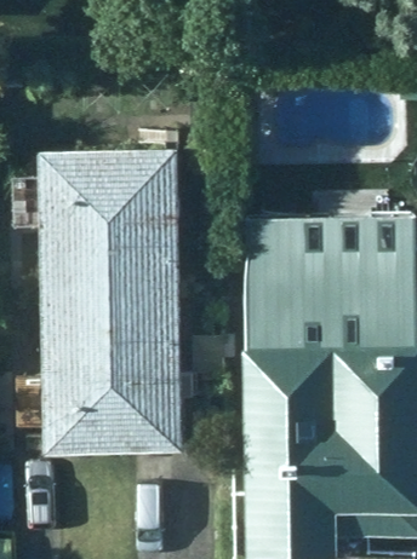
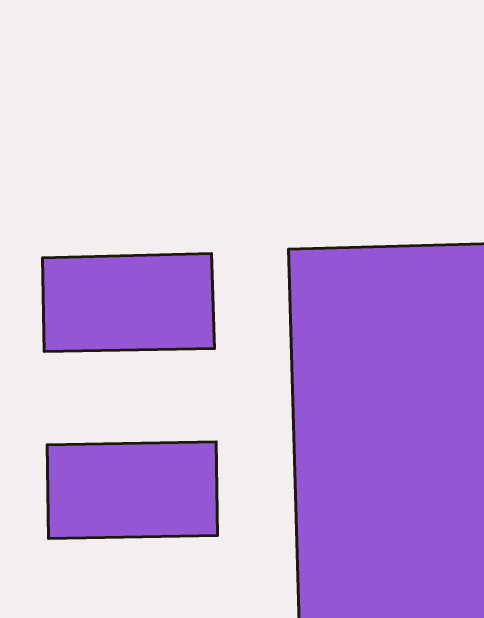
building: [35,146,176,226] -> none
building: [39,300,179,379] -> none

